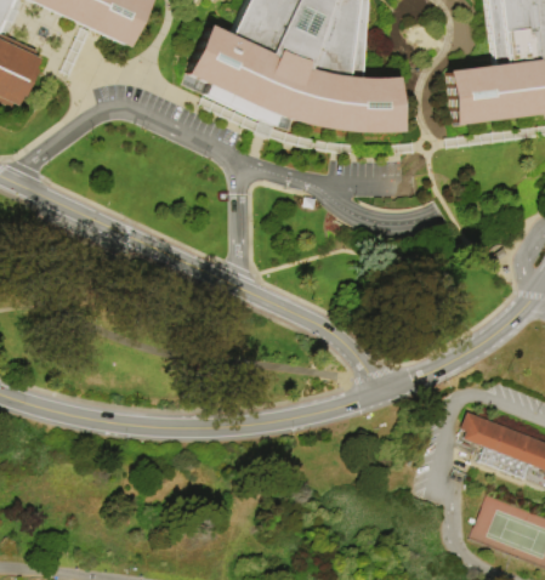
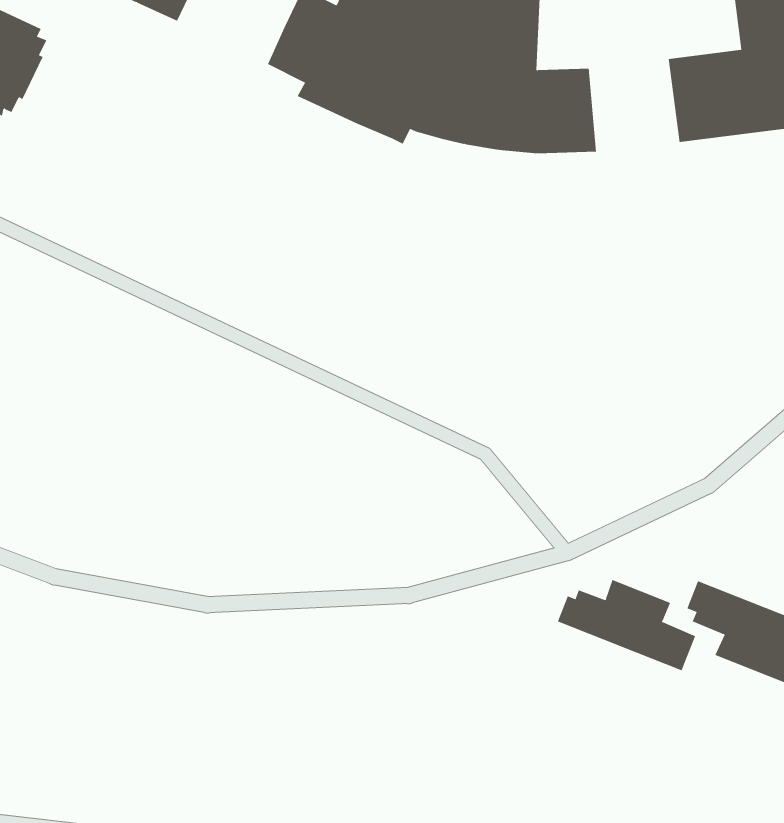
building: none -> [557,579,696,671]

